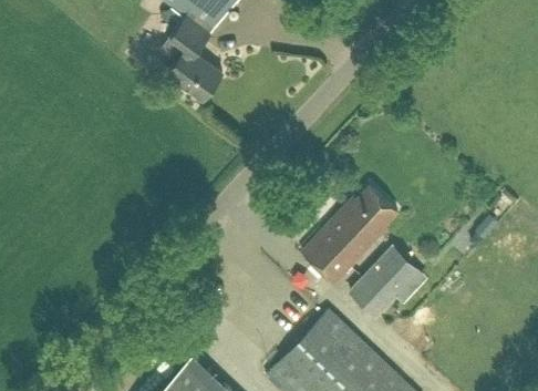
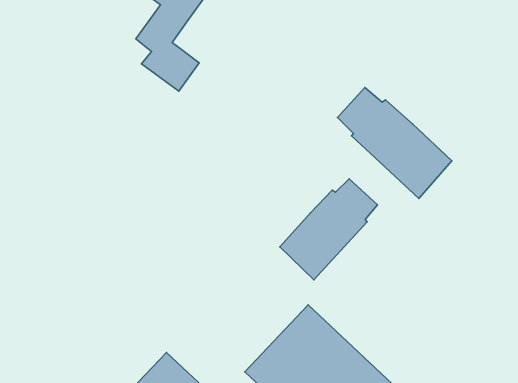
building: none -> [337,88,452,198]
building: [350,247,420,317] -> none

